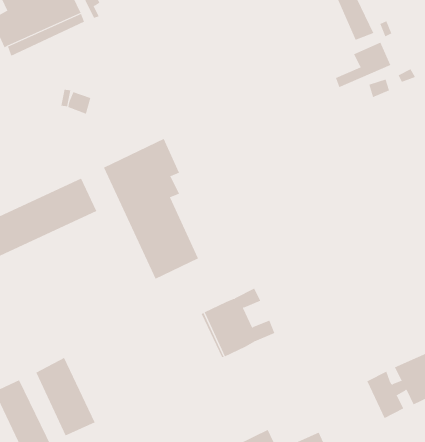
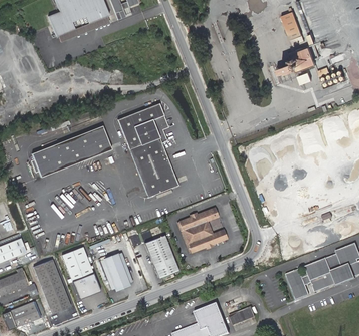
building: none -> [143,235,177,278]
building: none -> [99,252,131,289]

